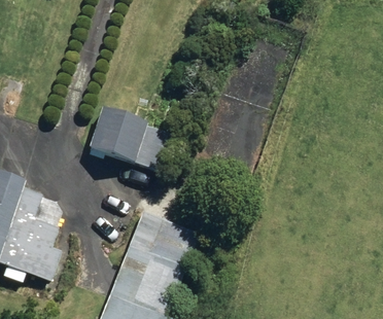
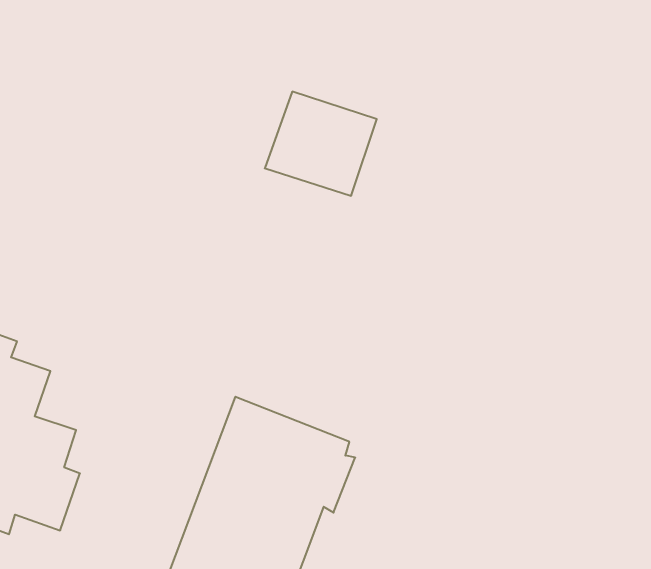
building: [90,108,148,163] -> [265,92,377,196]

